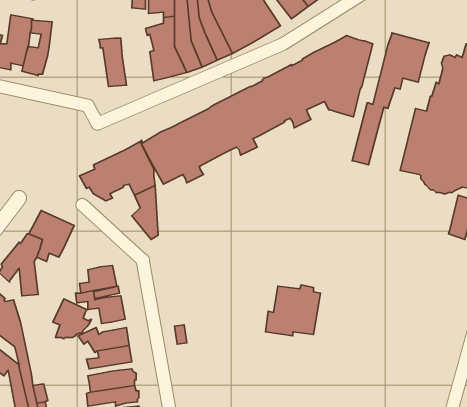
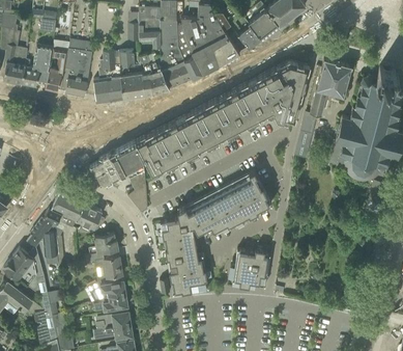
building: none -> [65,40,93,98]
building: none -> [119,51,145,99]
building: none -> [94,52,115,102]
building: none -> [161,170,272,295]
building: [53,299,91,339] -> [77,205,106,235]

